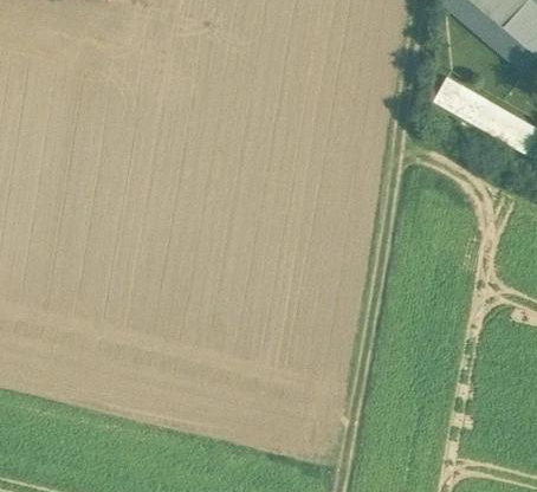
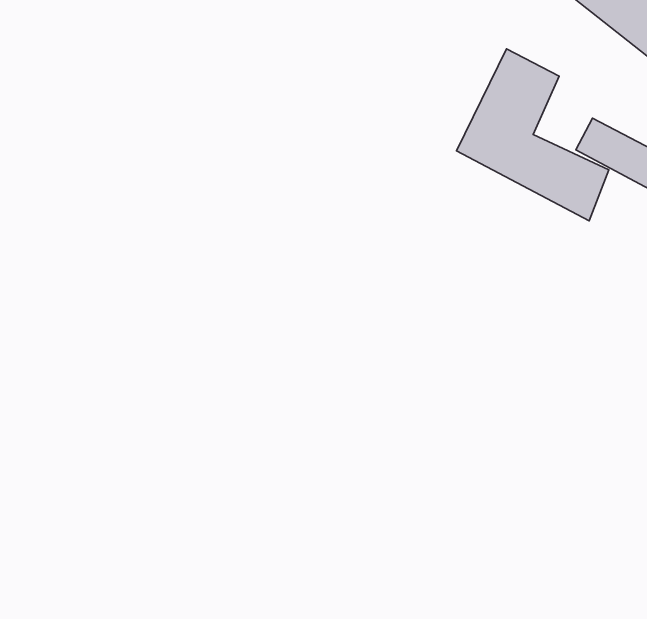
building: none -> [456,49,609,221]

